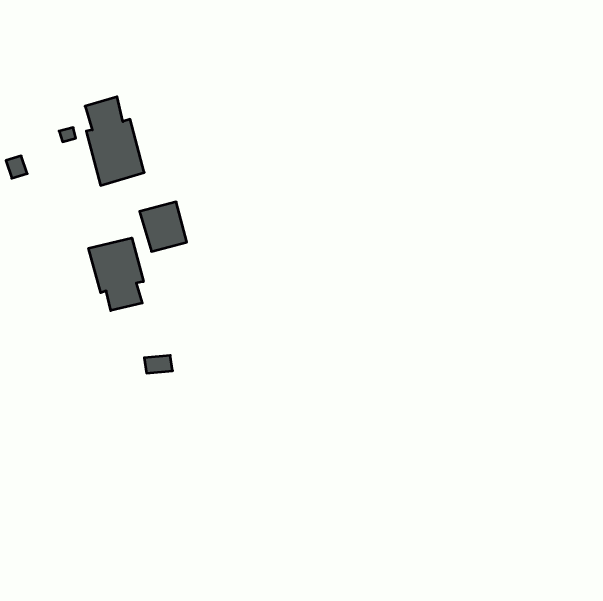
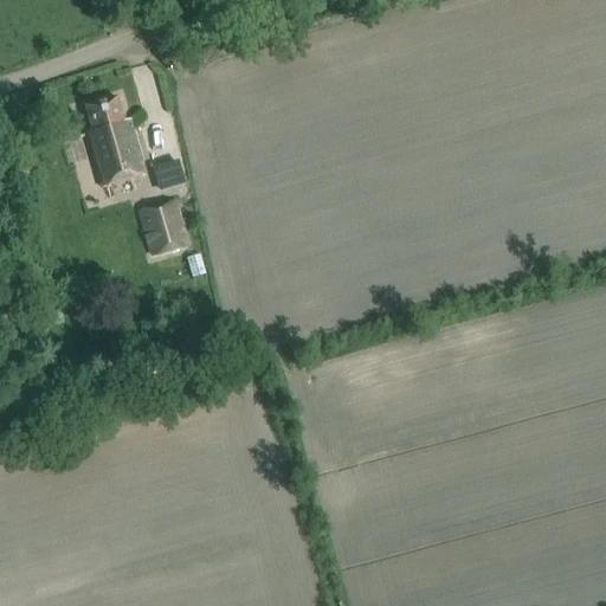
building: [89,238,143,311] -> none

